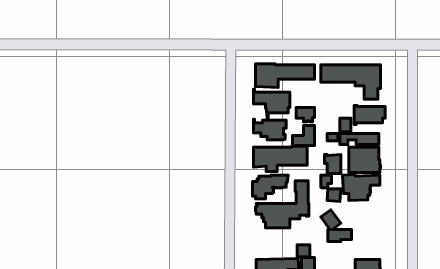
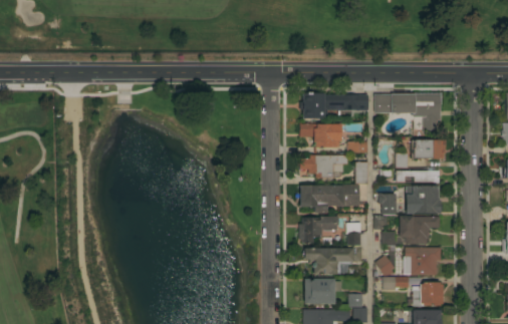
building: none -> [402,248,441,276]
building: none -> [303,279,341,304]
building: none -> [408,282,443,307]

